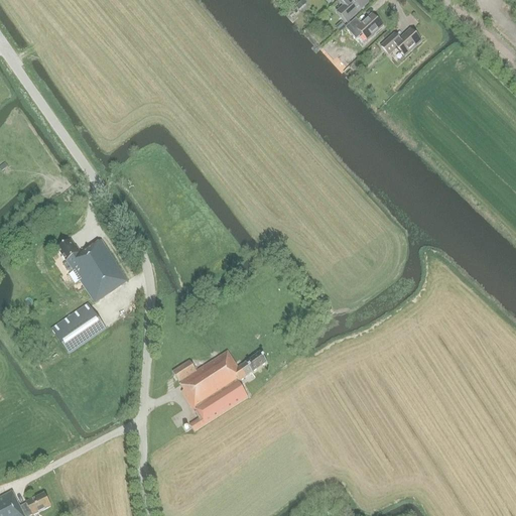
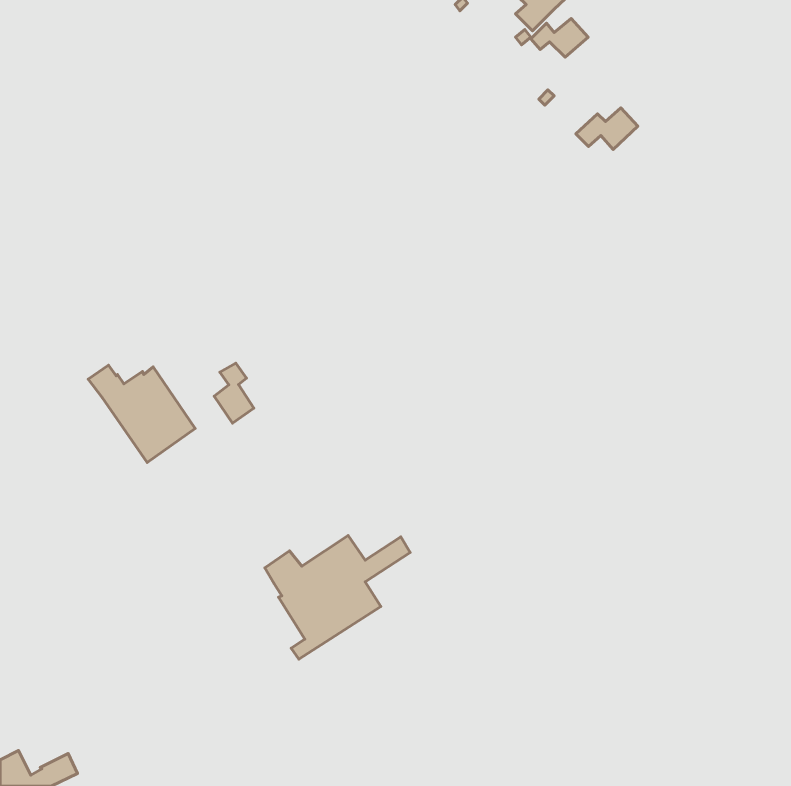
building: [381,27,421,54] -> [576,108,638,149]
building: none -> [214,363,254,423]
building: [55,307,106,353] -> none

